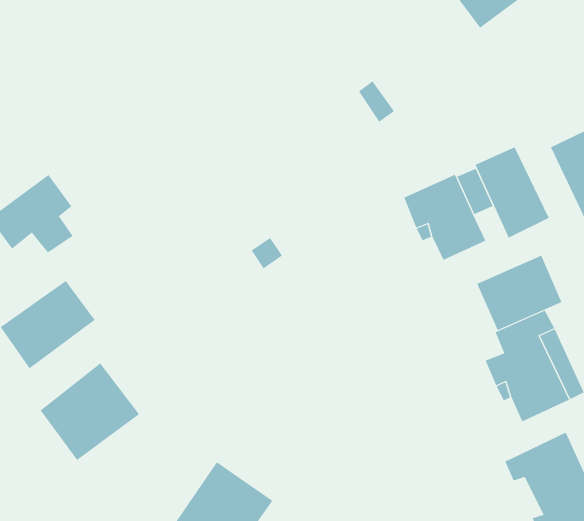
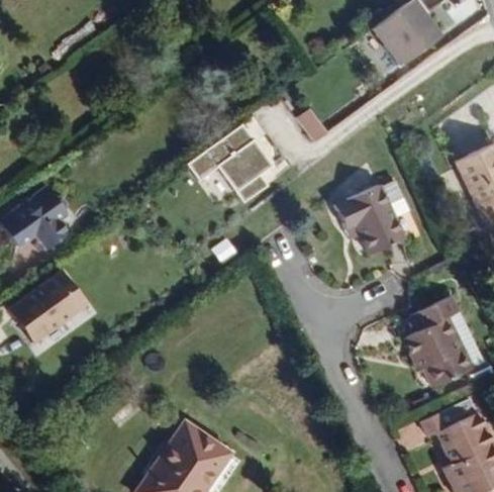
building: none -> [185,121,269,200]
building: [475,147,550,238] -> none
building: [477,255,562,331] -> none
building: [40,362,140,461] -> none

